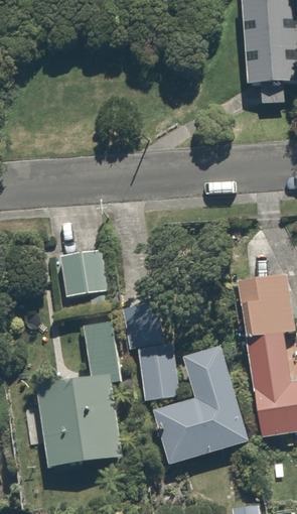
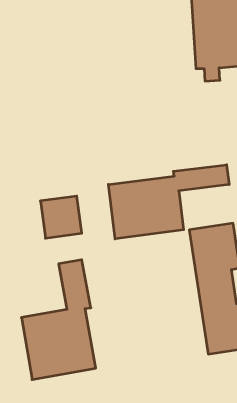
building: none -> [108,165,229,239]
building: [132,338,249,464] -> none

